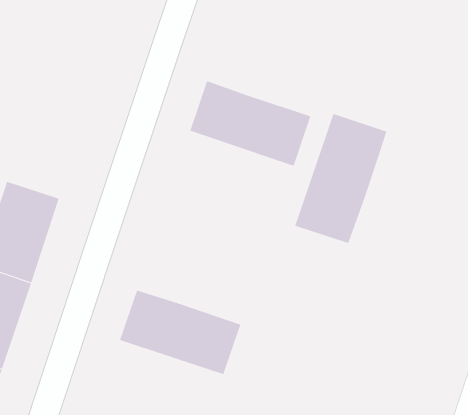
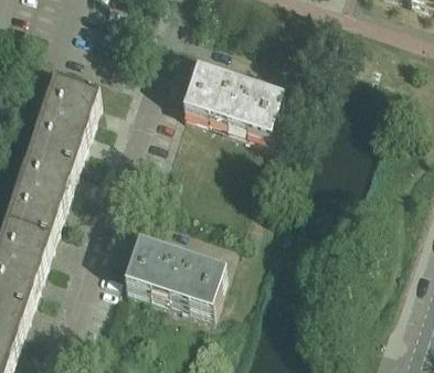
building: none -> [28,82,96,168]
building: [295,113,387,244] -> none

